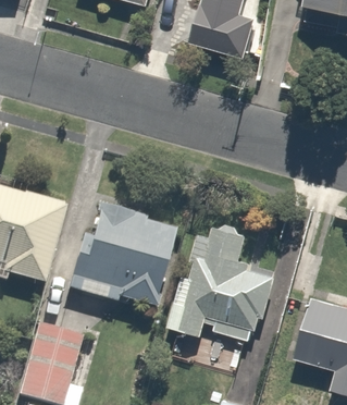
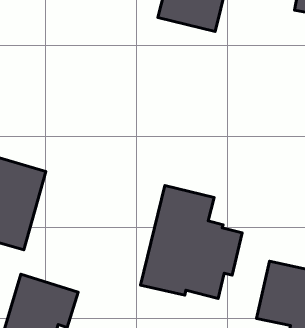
building: [73,206,178,304] -> none

